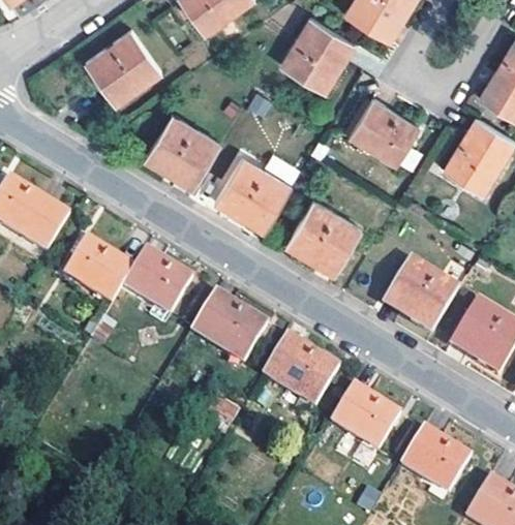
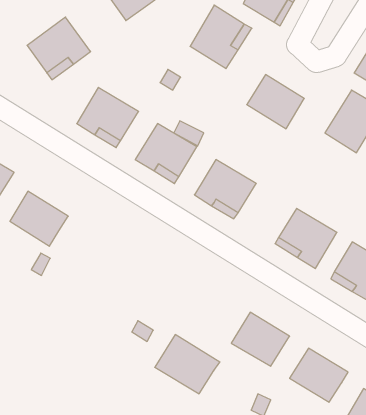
building: [123,249,192,314] -> none
building: [191,291,268,363] -> none
building: [262,335,340,406] -> [155,335,220,394]

